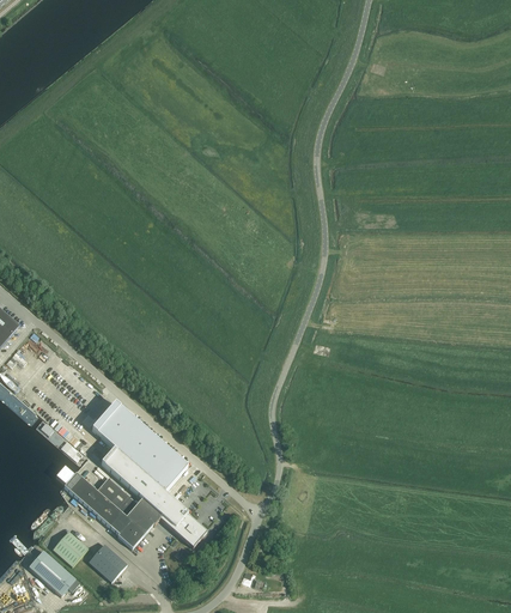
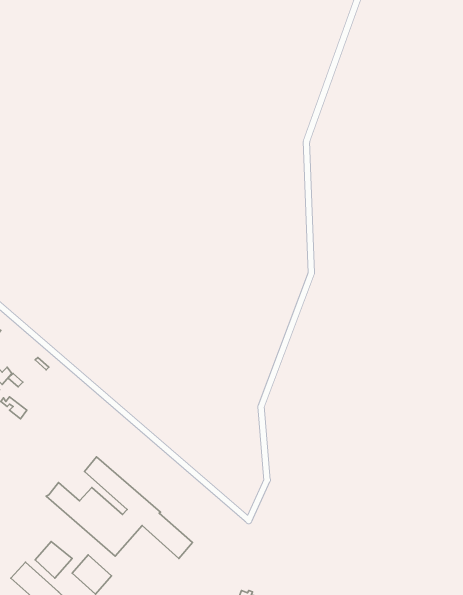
building: [99,409,195,499] -> none

